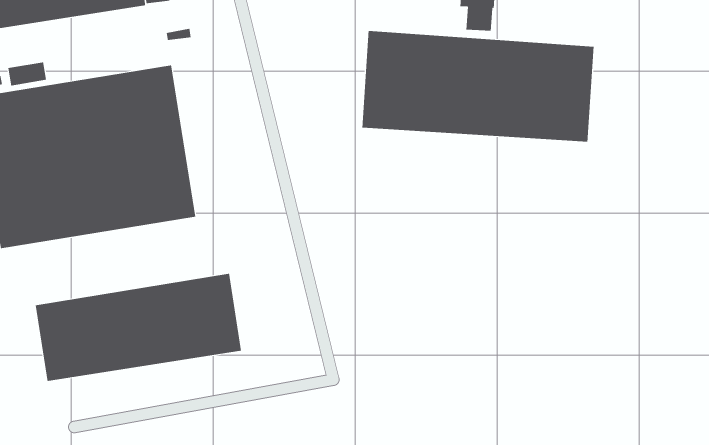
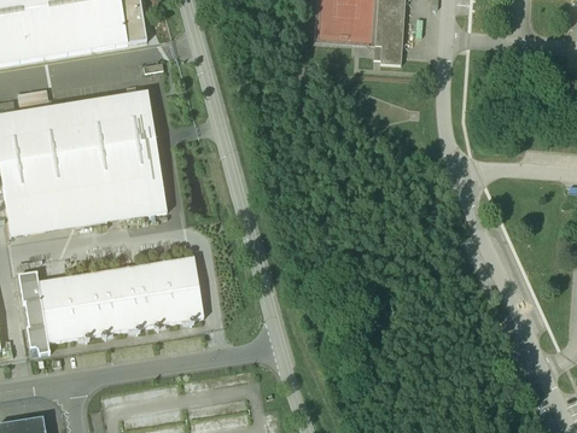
building: [362,30,594,142] -> none
building: none -> [18,270,49,353]

